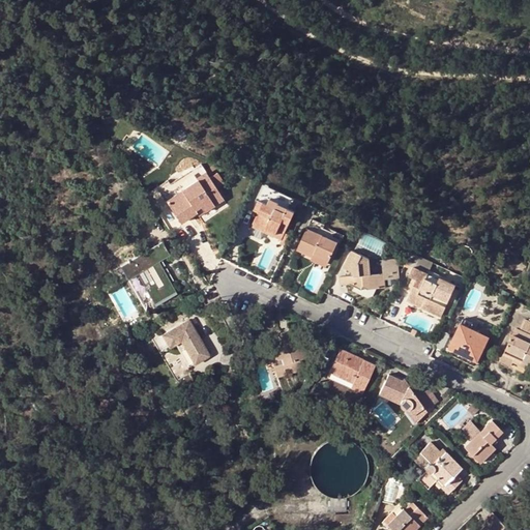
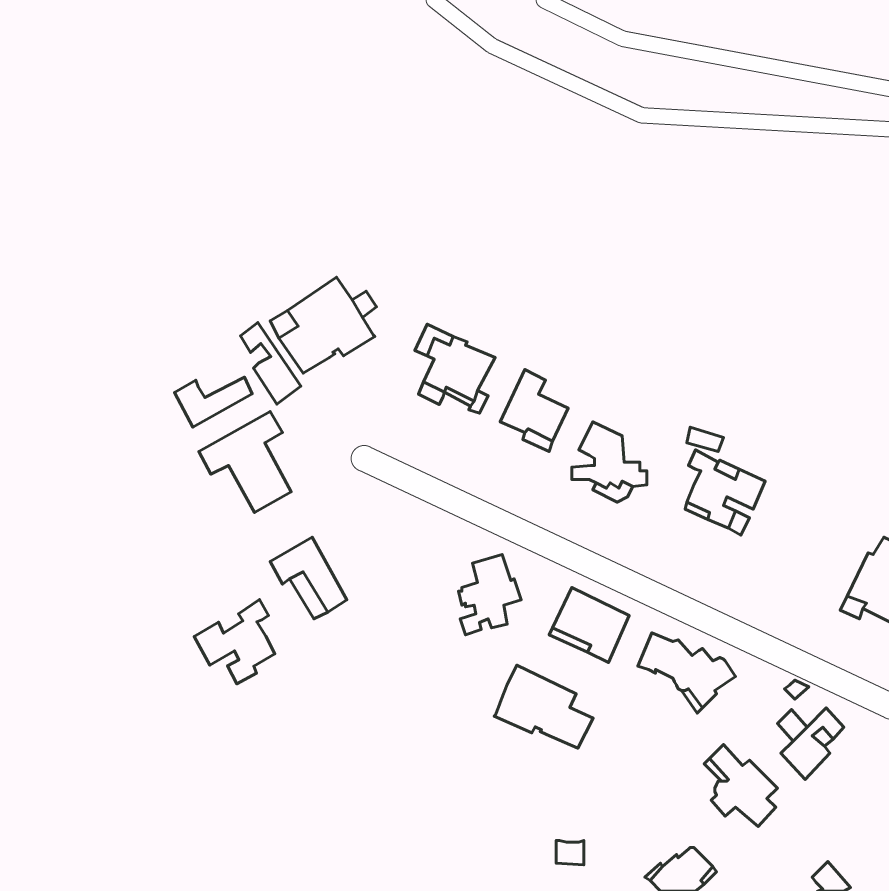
building: none -> [240,322,301,404]
building: none -> [175,377,252,427]
building: [450,324,489,361] -> none
building: none -> [194,600,275,684]
building: none -> [494,665,593,748]

